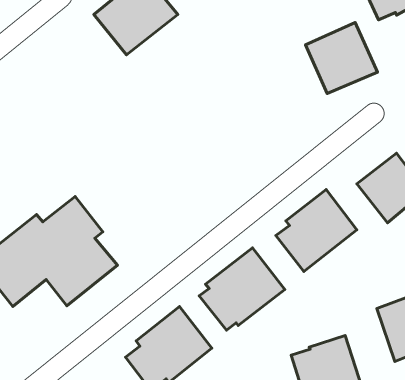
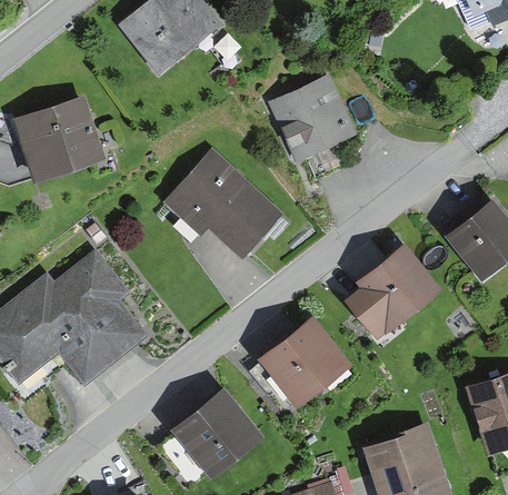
building: [306,22,378,94] -> [268,76,357,164]
building: none -> [12,96,106,182]
building: none -> [163,149,285,259]

